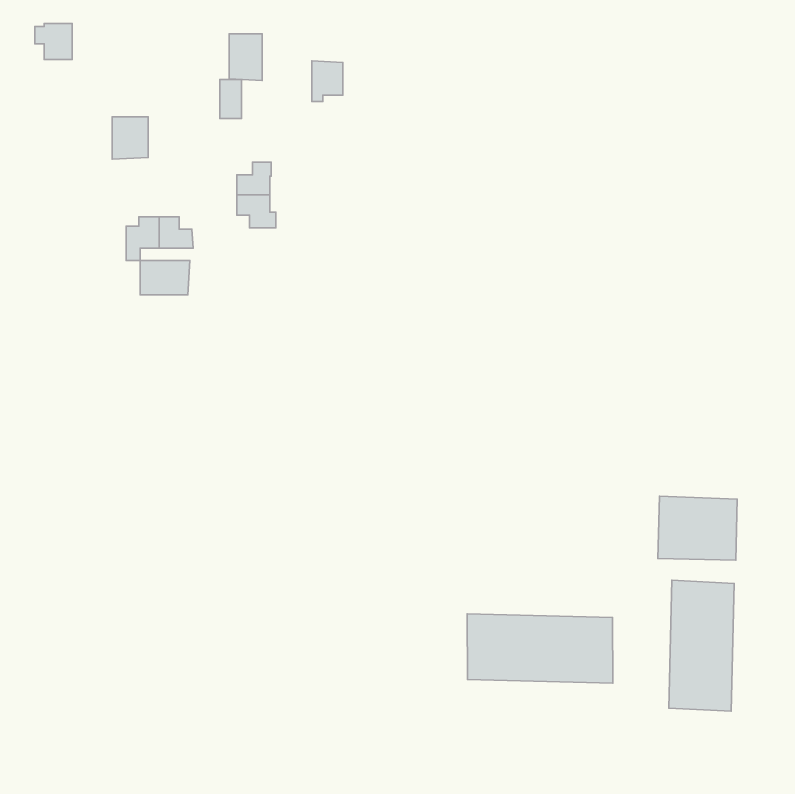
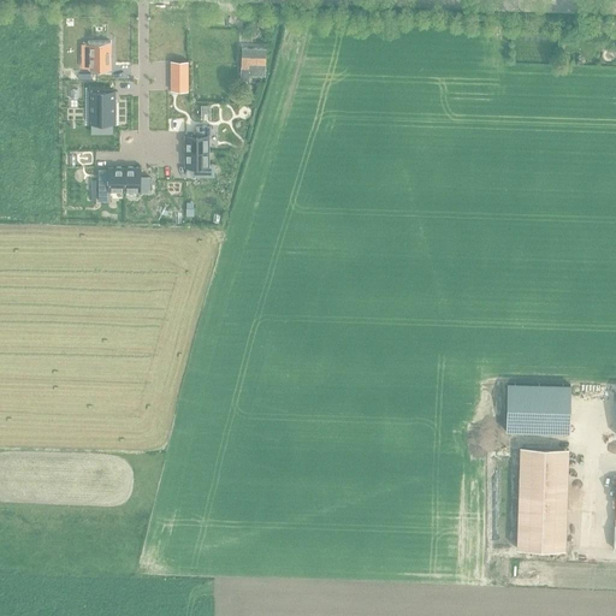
building: [35,24,72,59] -> [81,43,109,71]
building: [229,34,262,81] -> none
building: [140,261,190,295] -> none
building: [467,614,613,683] -> none

